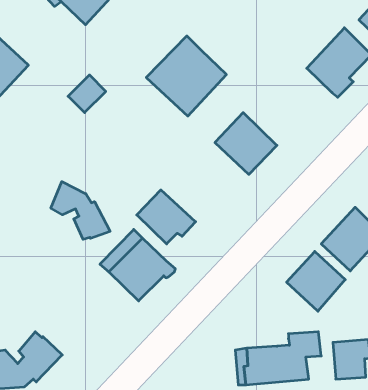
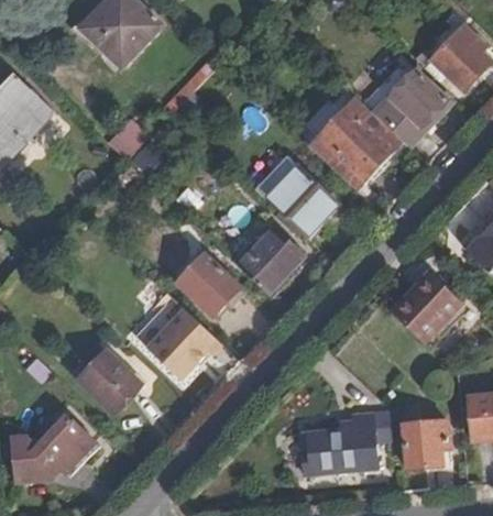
building: [146,36,226,116] -> [310,97,402,188]
building: none -> [240,226,306,292]
building: [51,182,110,239] -> none
building: [287,251,345,311] -> none
building: none -> [78,350,142,413]

